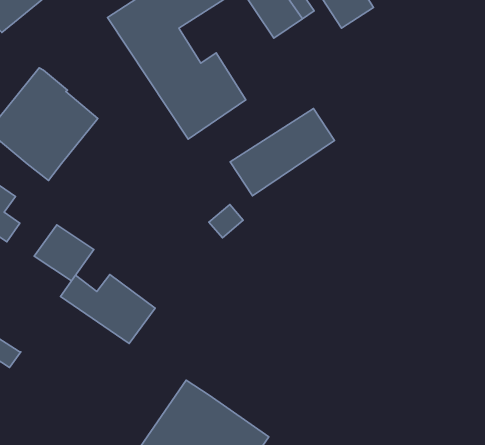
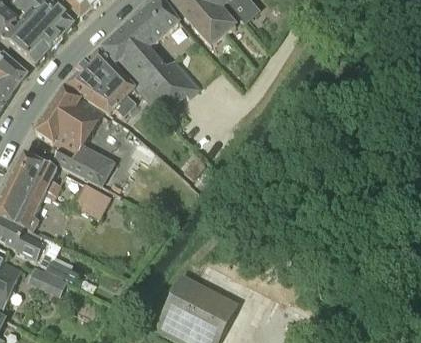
building: none -> [64,48,136,116]
building: [230,109,334,196] -> none
building: [61,275,155,344] -> [53,143,115,186]

